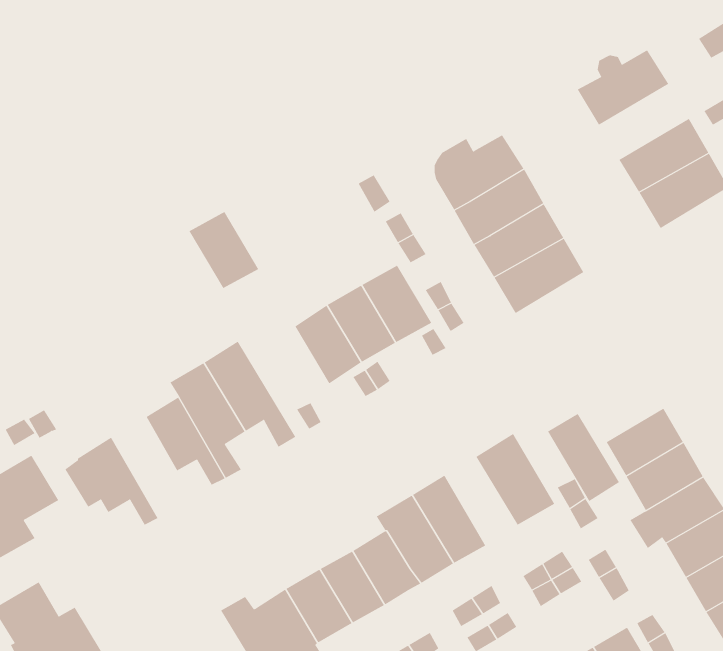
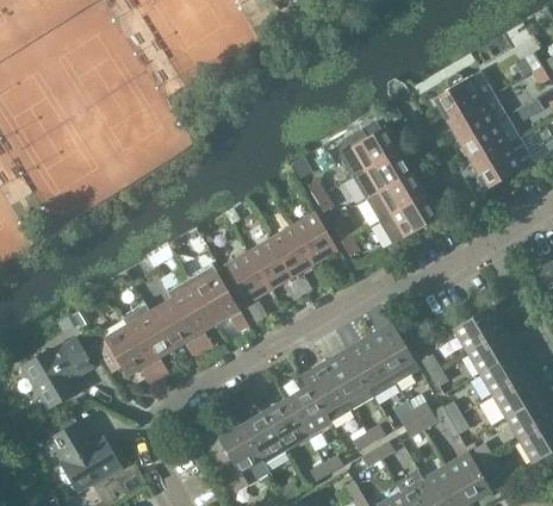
building: none -> [448,93,508,143]
building: [188,211,259,289] -> [224,252,271,304]
building: none -> [122,301,170,379]
building: [547,413,620,502] -> [347,338,394,396]

